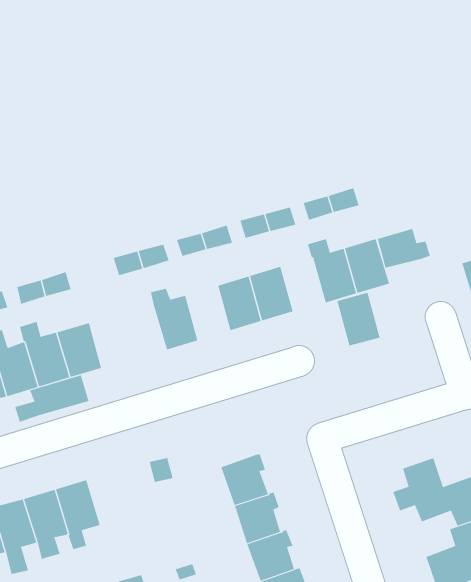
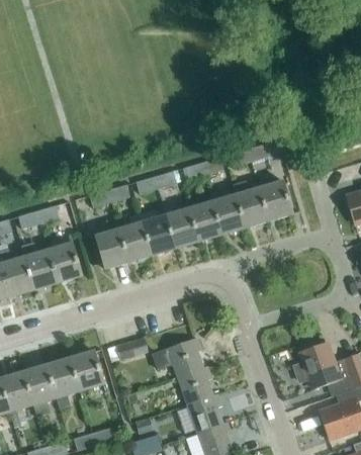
building: [377,228,431,269] -> none
building: none -> [140,208,175,255]
building: [337,292,381,346] -> [212,194,245,234]
building: none -> [95,229,128,269]
building: [15,375,89,422] -> none
building: none -> [70,350,103,390]

